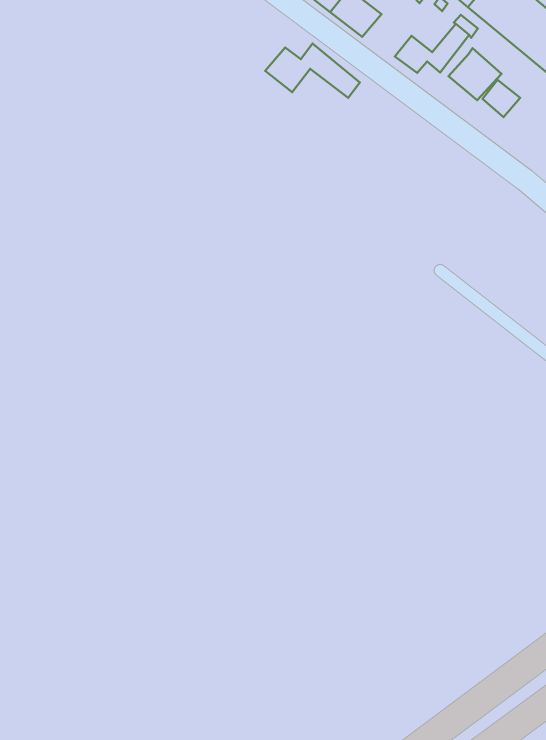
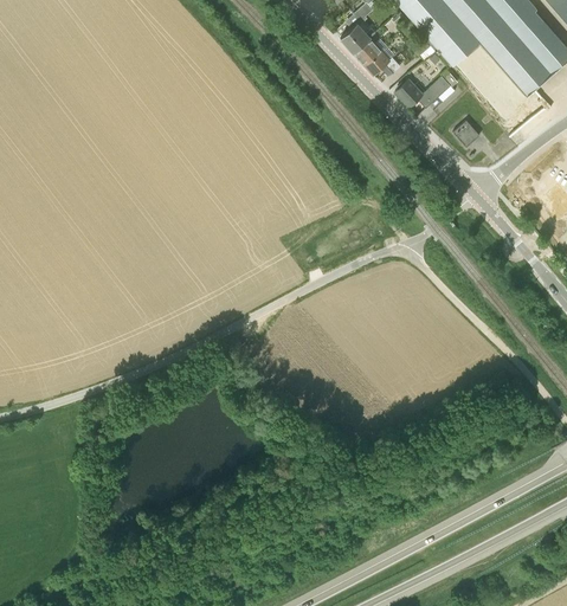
building: [265,44,360,98] -> none
building: [449,48,502,100] -> none

